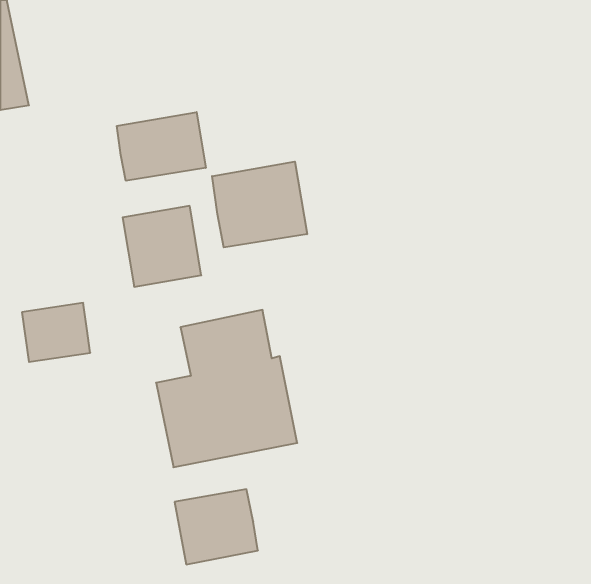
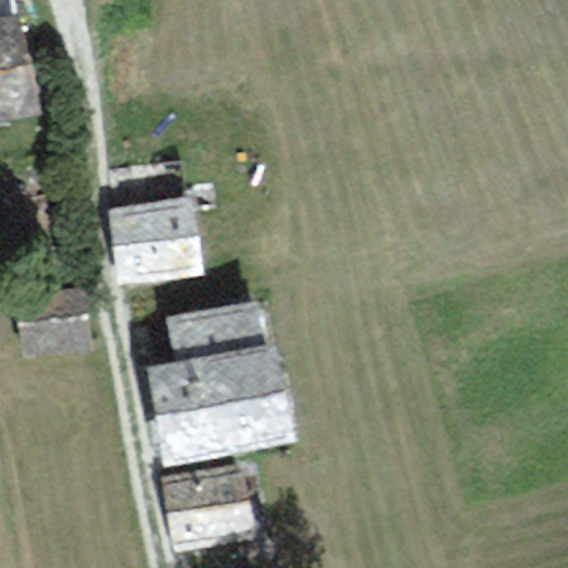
building: [117,112,206,181] -> none
building: [212,162,307,247] -> none

